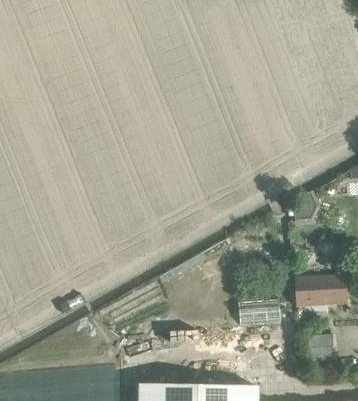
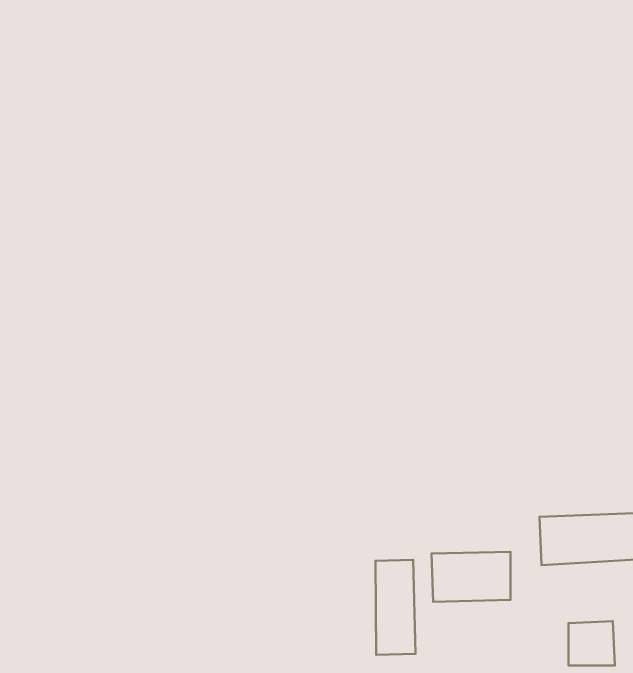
building: none -> [376,560,415,655]

